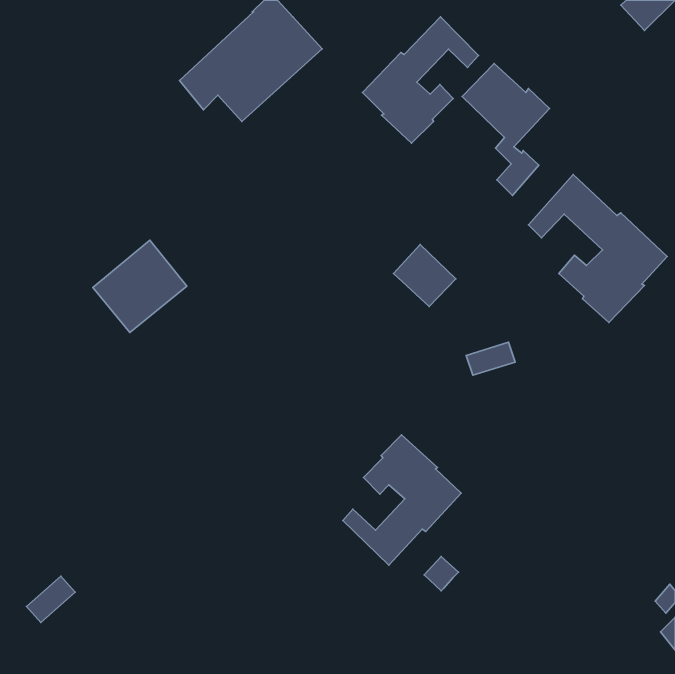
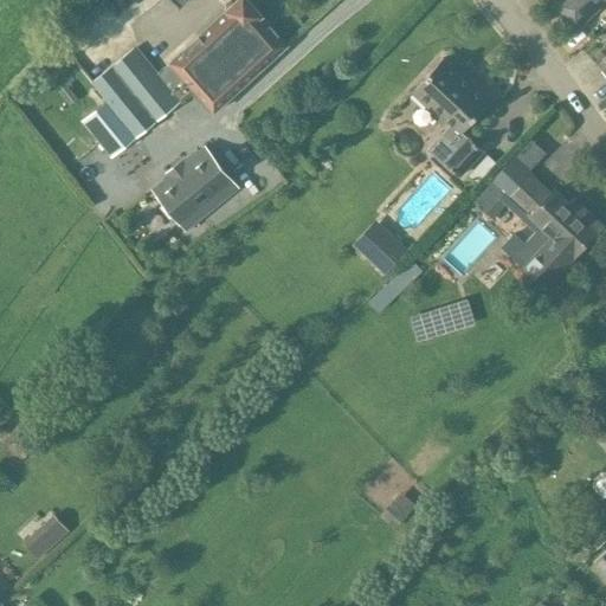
building: [363,17,478,143] -> none
building: none -> [83,46,180,157]
building: [93,240,187,333] -> [154,148,238,231]
building: [343,435,461,565] -> none

